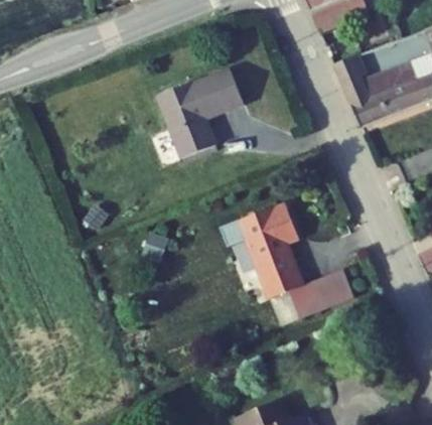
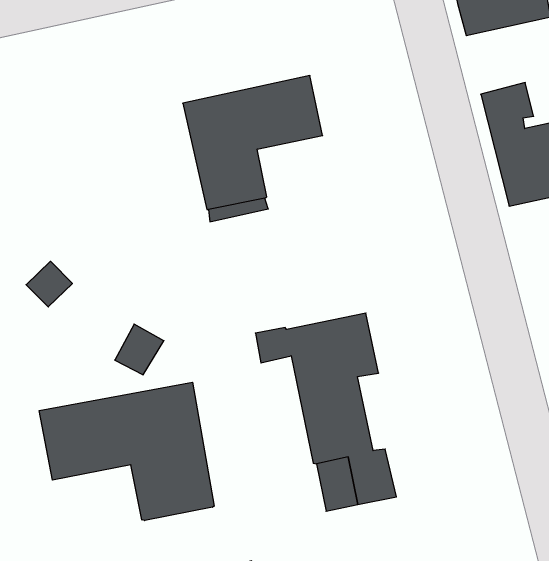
building: none -> [39,382,214,521]
building: [309,270,352,309] -> none

